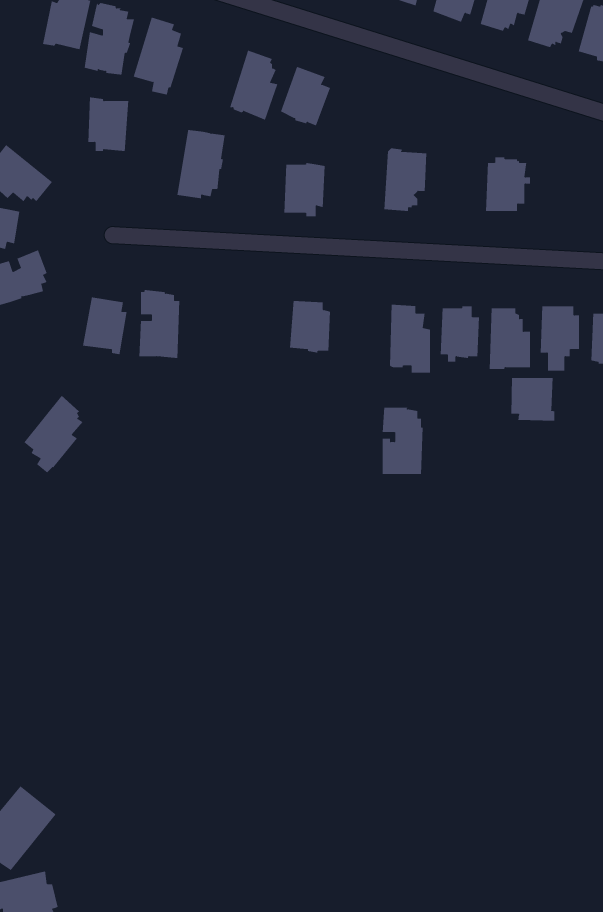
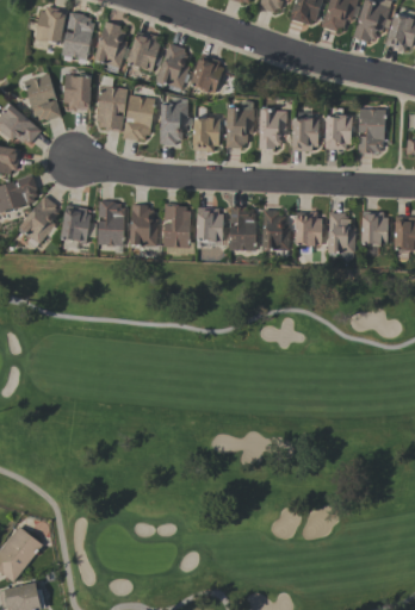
building: none -> [128,30,161,71]
building: none -> [25,74,61,120]
building: none -> [97,85,128,132]
building: none -> [161,102,188,145]
building: none -> [227,107,254,148]
building: none -> [358,108,385,154]
building: none -> [292,117,320,151]
building: none -> [163,203,192,247]
building: none -> [131,204,159,245]
building: [511,377,555,421] -> none
building: [23,395,83,473] -> [20,195,60,247]
building: [382,407,424,474] -> [230,206,258,250]

